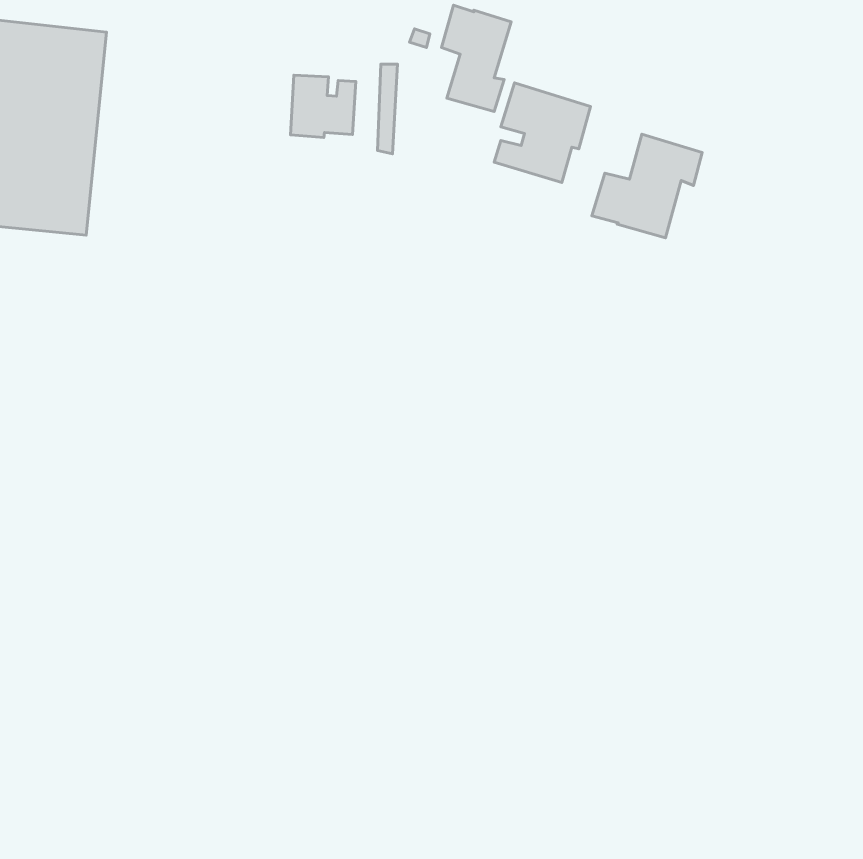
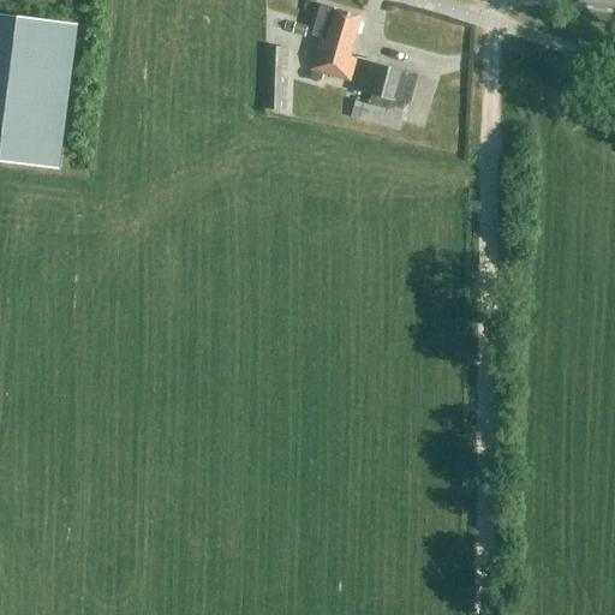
building: [290,75,356,138] -> none
building: [592,134,702,238] -> none

